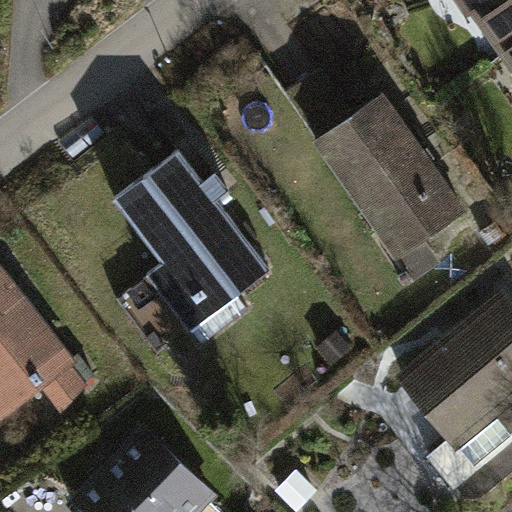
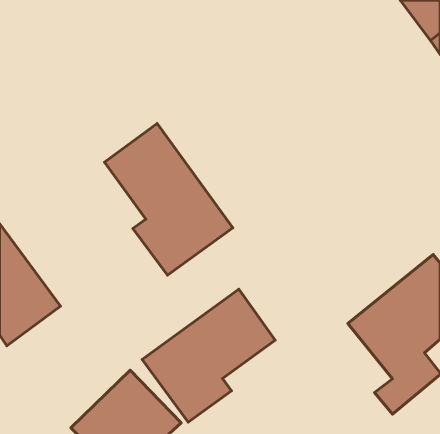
building: [317,101,460,286] -> none
building: none -> [142,289,275,422]

